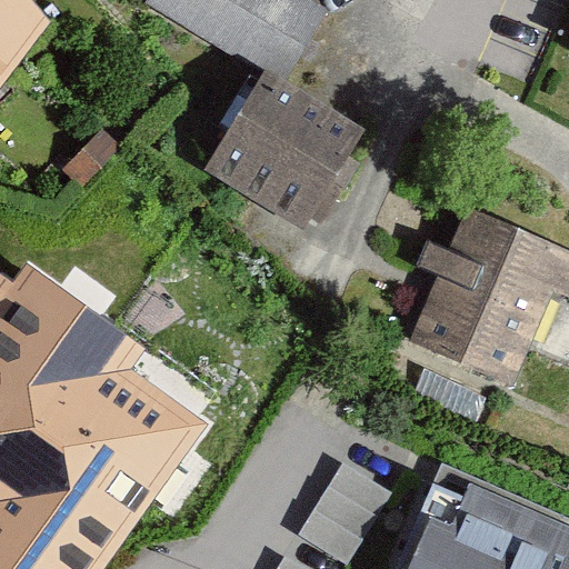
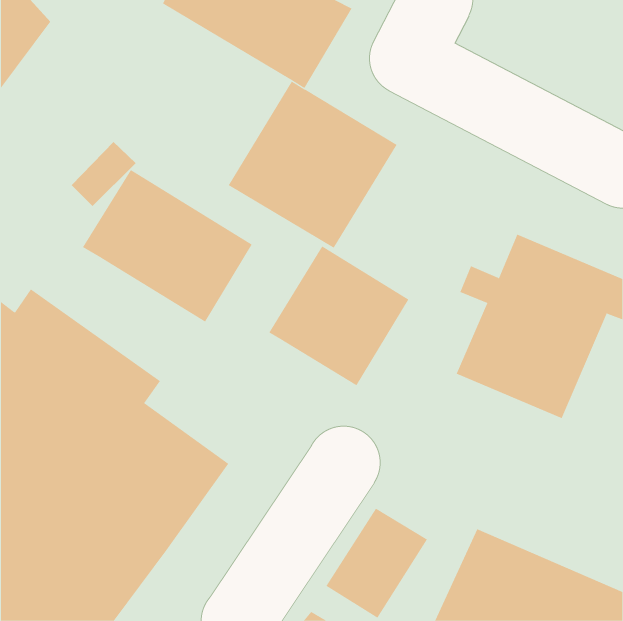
building: none -> [82,169,253,322]
building: none -> [268,245,409,386]

